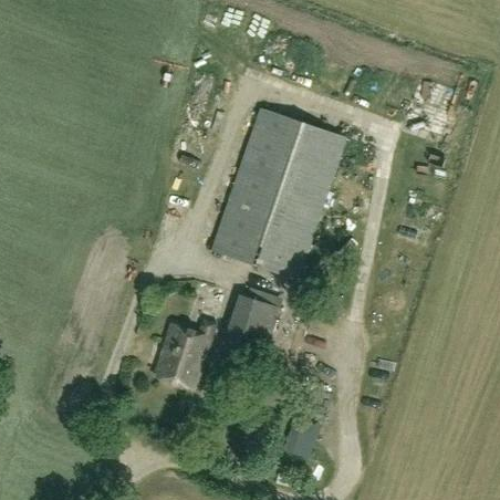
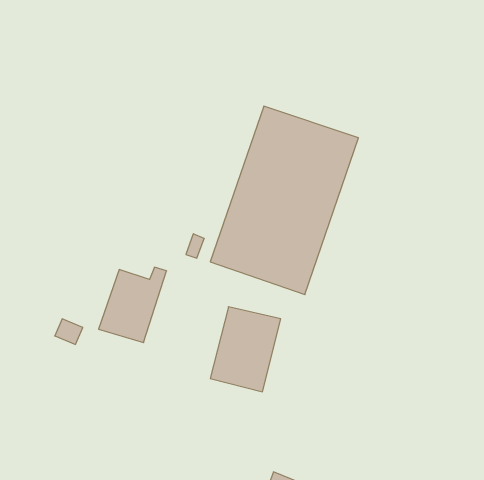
building: [155,320,217,388] -> [99,267,167,343]

